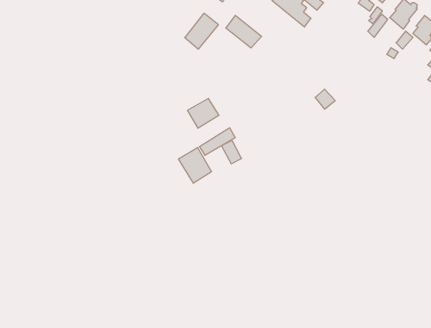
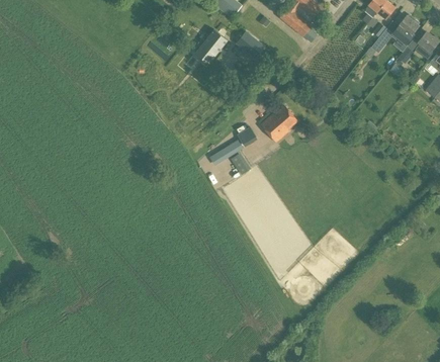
building: none -> [261,106,297,142]
building: [187,98,219,128] -> none
building: [178,147,212,183] -> none

